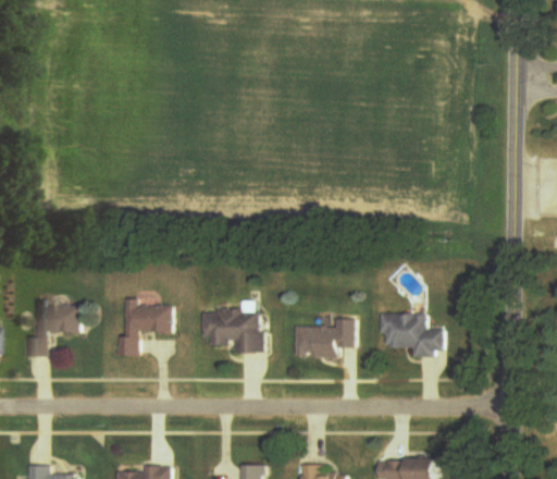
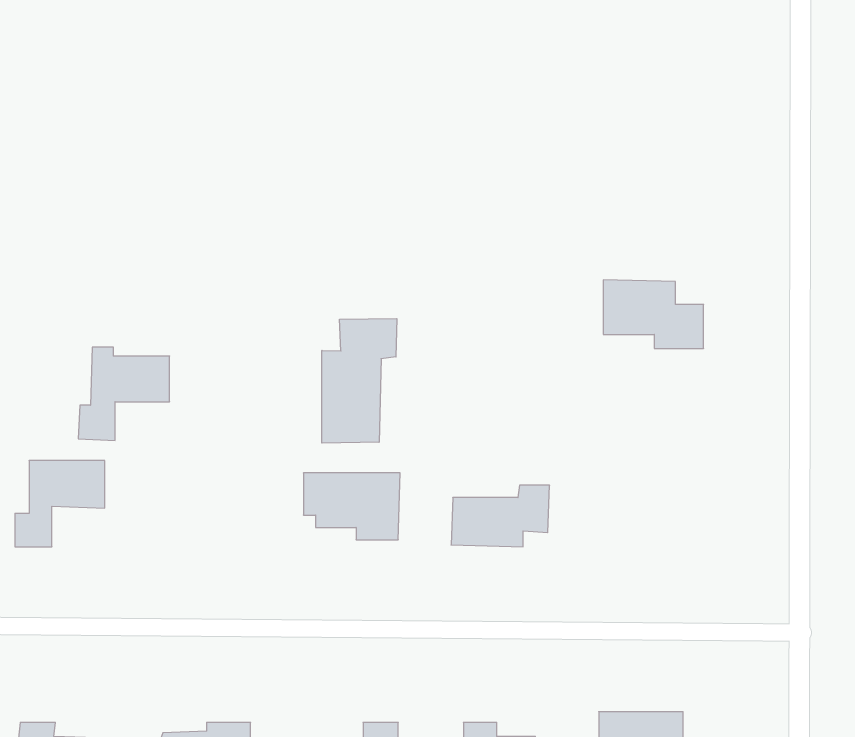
building: none -> [322,319,397,443]
building: [116,299,173,357] -> [78,347,170,440]
building: [381,314,443,356] -> [603,280,704,348]

